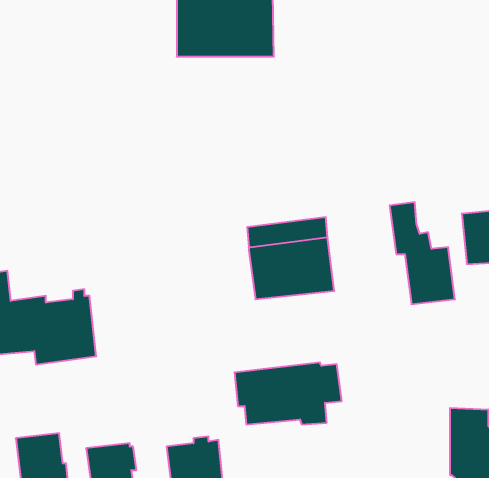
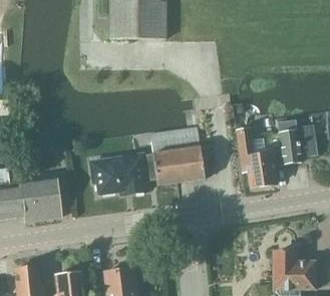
building: [234,362,342,424] -> [91,154,155,191]

